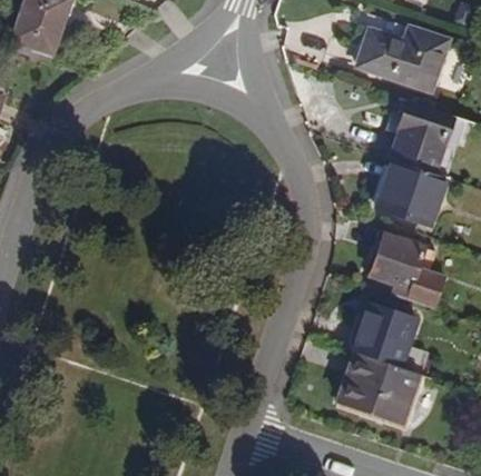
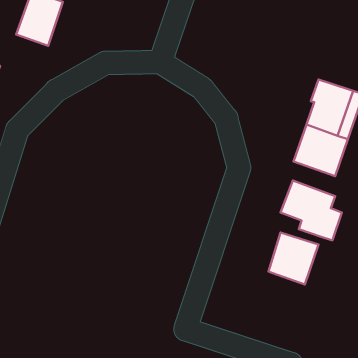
building: [362,29,454,95] -> none
building: [338,355,418,424] -> none

